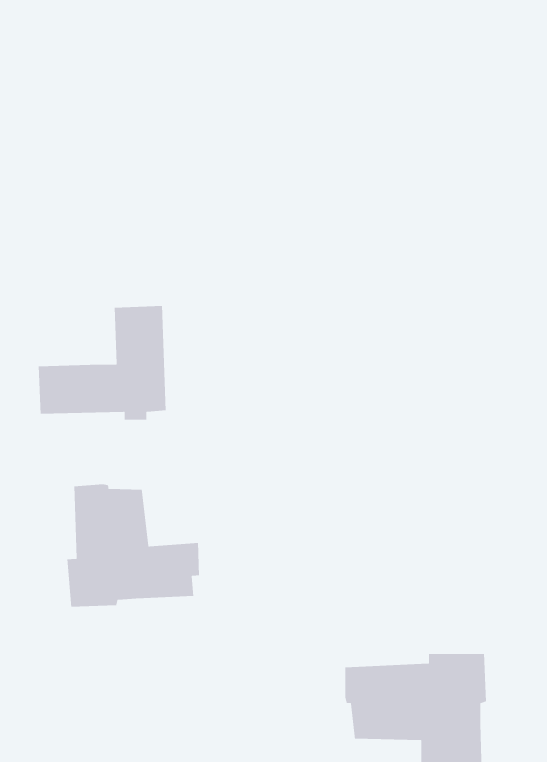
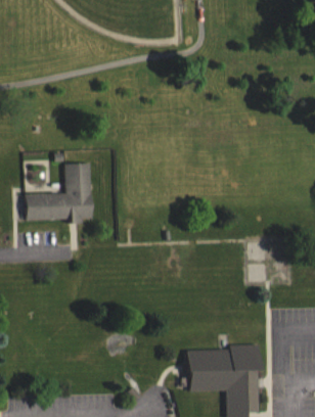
building: [66,484,200,607] -> none

